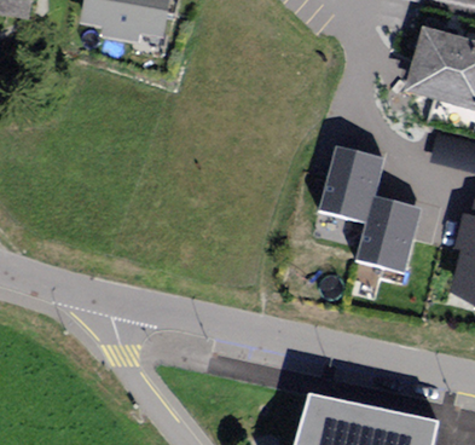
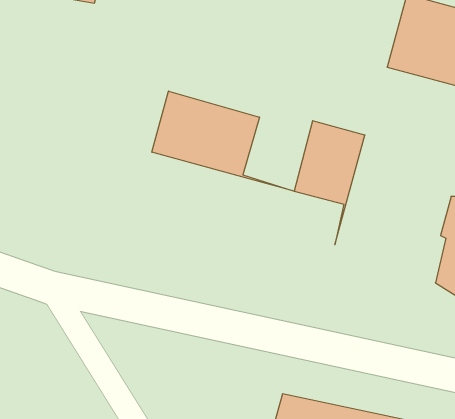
building: none -> [152,91,294,191]
building: [355,156,419,271] -> none

